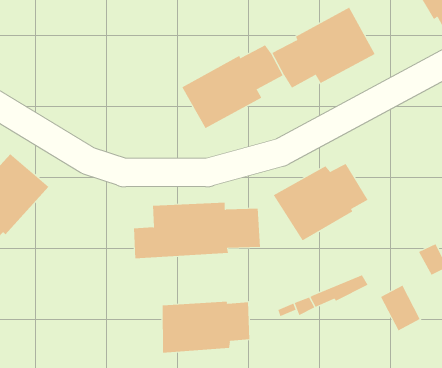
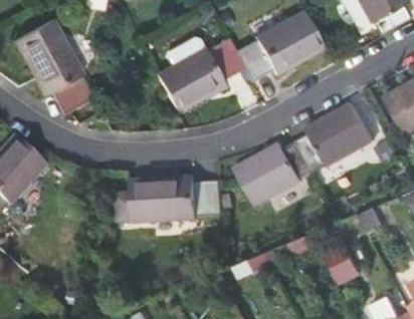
building: none -> [12,17,89,111]
building: none -> [295,101,373,172]
building: [162,301,250,354] -> none

